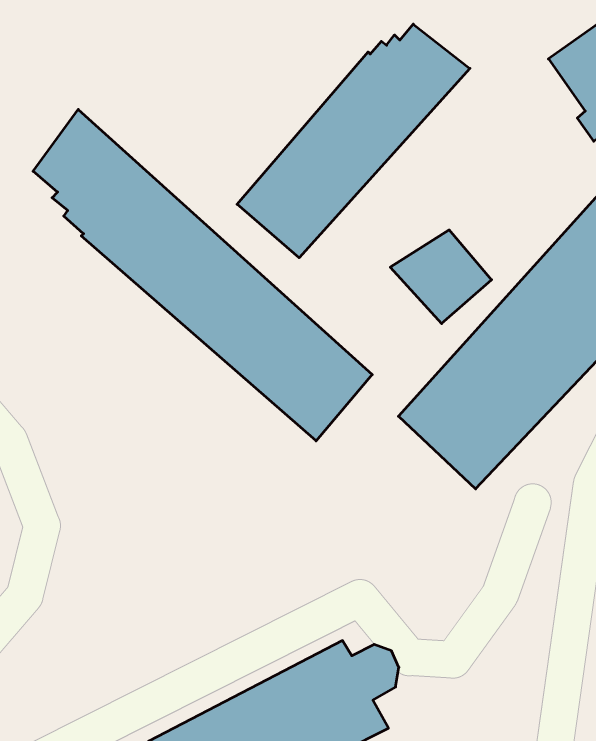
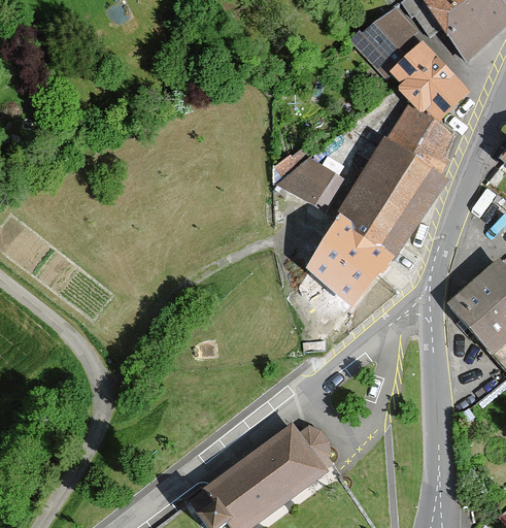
building: [237,24,470,258] -> none
building: [33,109,372,441] -> none

